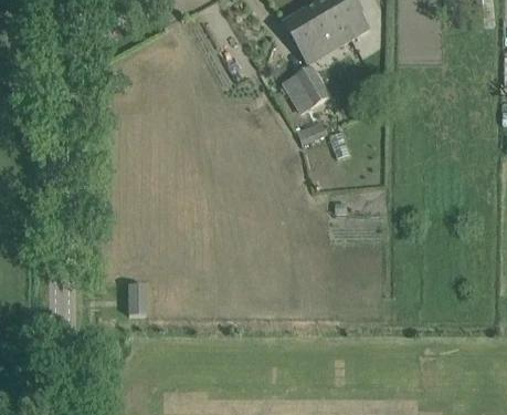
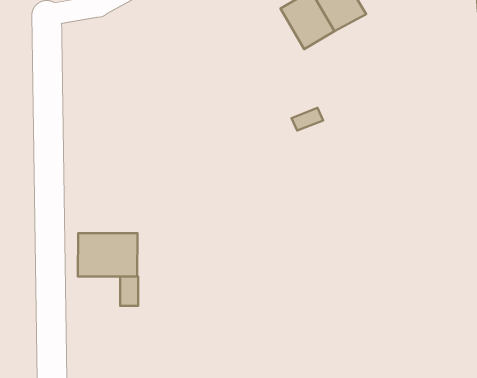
building: [284,66,328,112] -> none
building: none -> [78,233,137,276]

